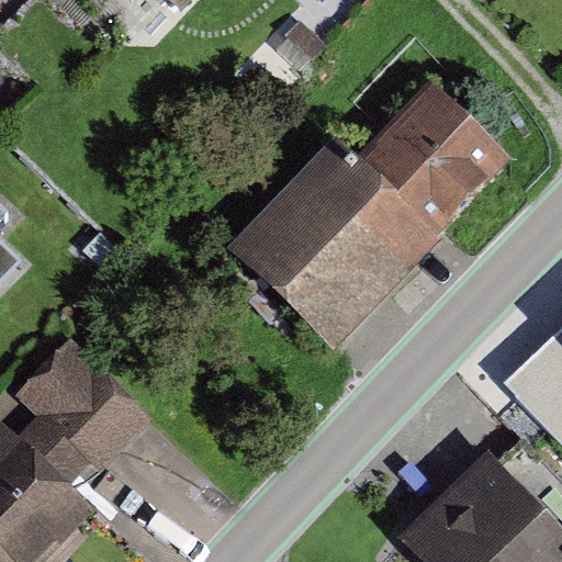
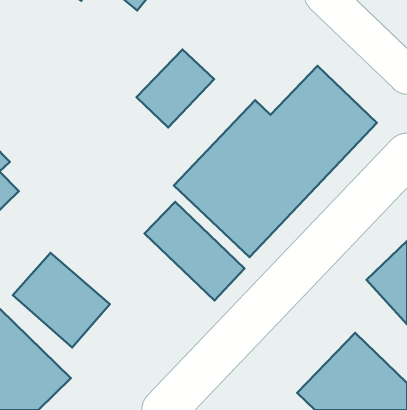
building: none -> [136,49,214,128]
building: none -> [144,202,244,301]

